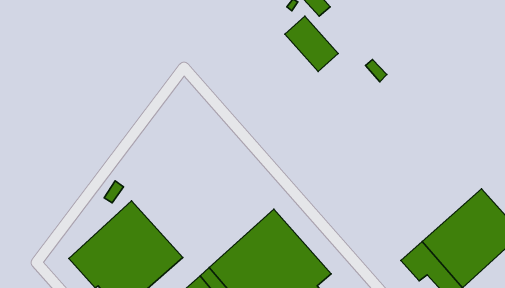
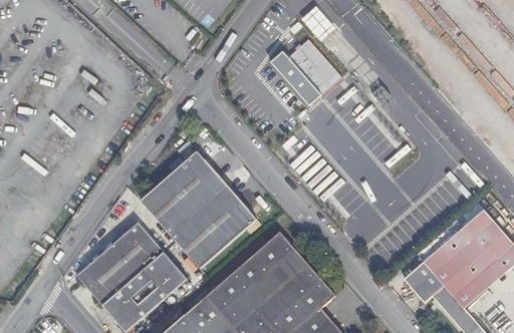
building: none -> [271,51,322,105]
building: none -> [142,151,257,270]

